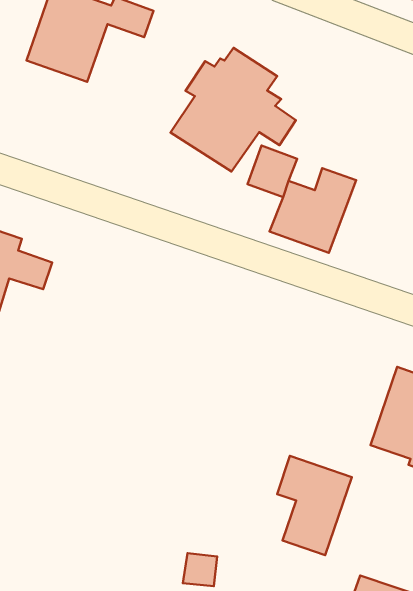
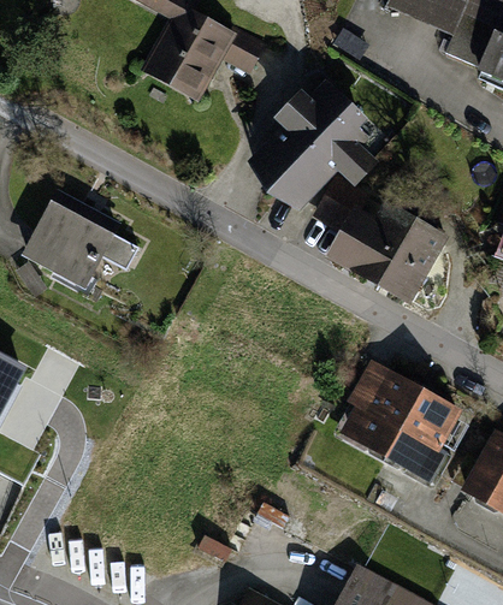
building: none -> [380,224,442,298]
building: [277,456,352,555] -> [353,364,422,456]

